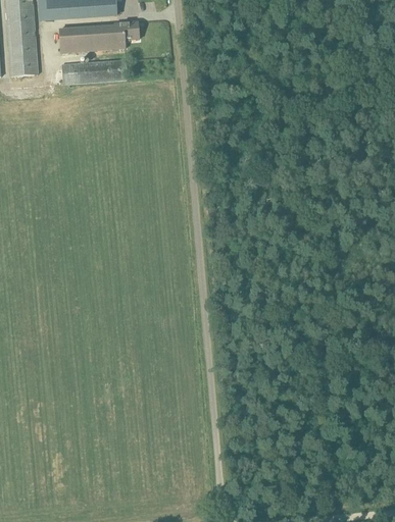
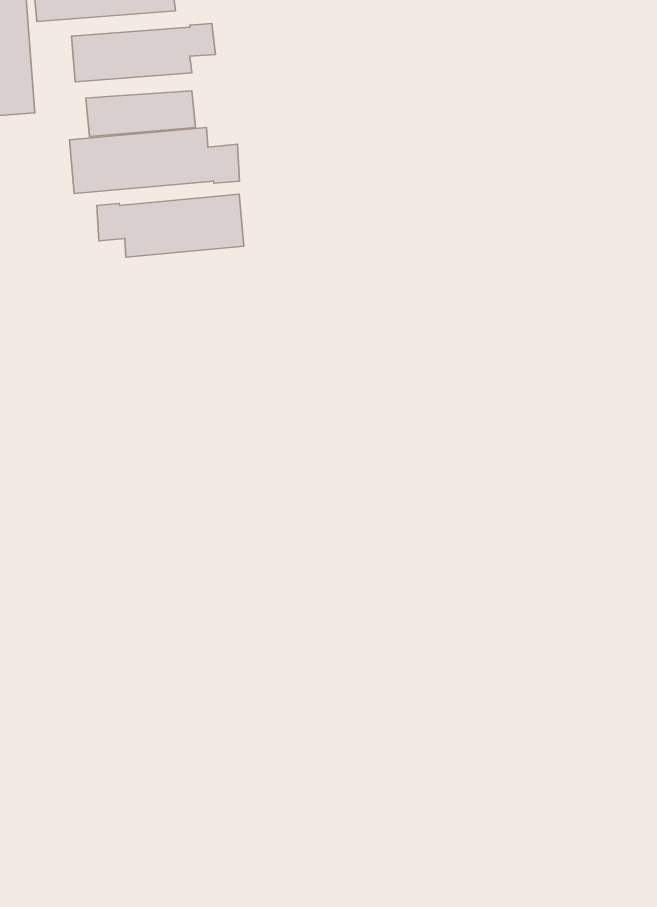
building: none -> [70,128,239,194]
building: none -> [97,194,244,257]

